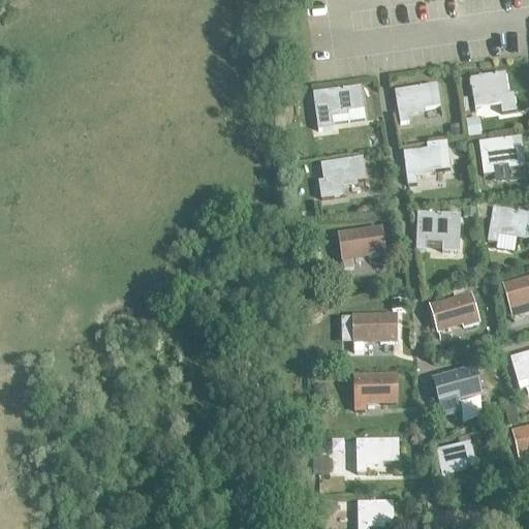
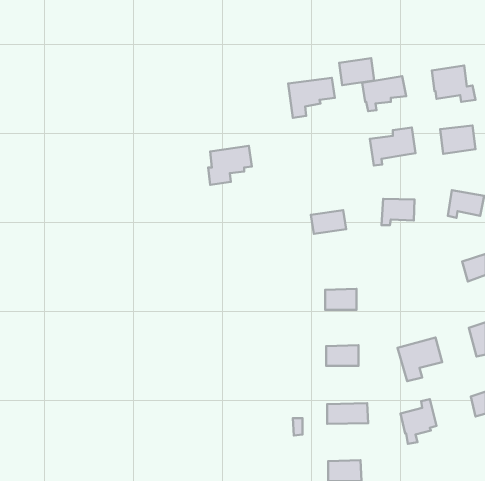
building: none -> [339,58,374,85]
building: [319,155,367,197] -> [208,146,252,185]
building: [431,297,470,326] -> none

